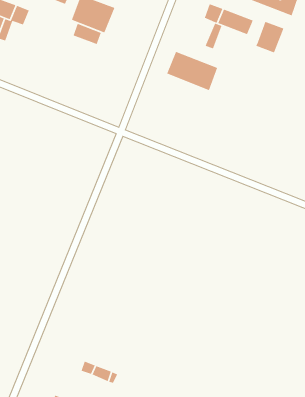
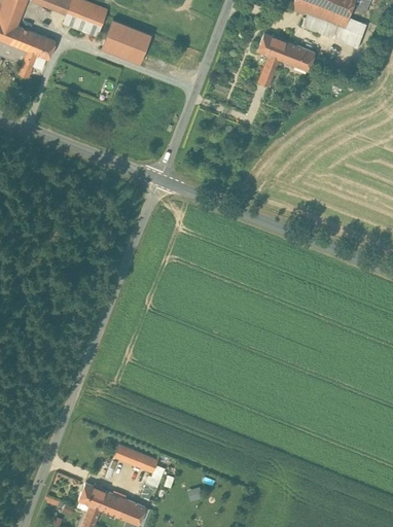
building: [255,21,284,53] -> none
building: [72,23,102,45] -> none
building: [166,51,218,91] -> none

